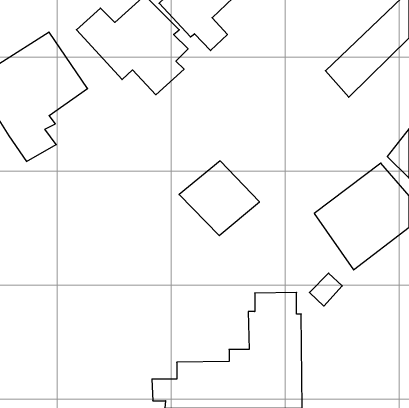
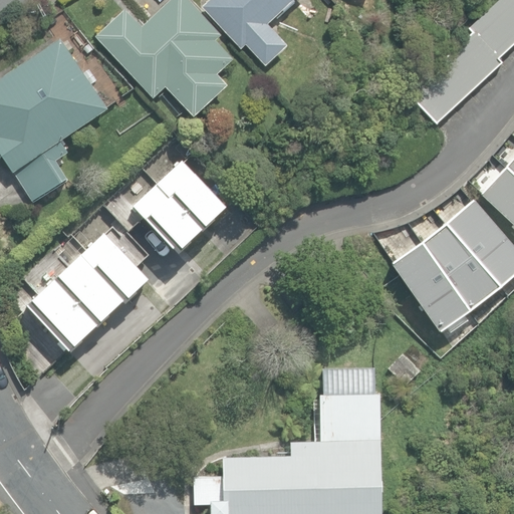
building: [179,161,259,236] -> [133,163,233,256]
building: none -> [29,236,155,355]

